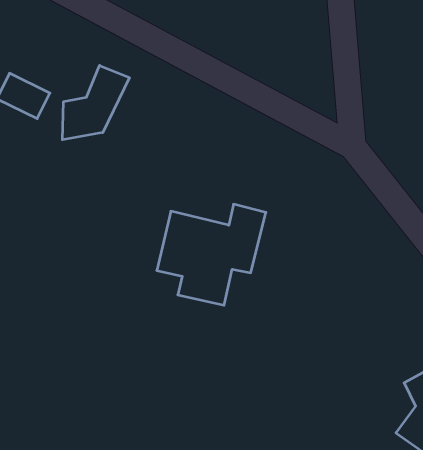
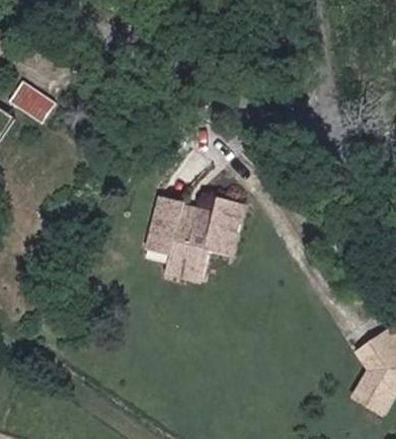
building: [62,65,129,140] -> none

